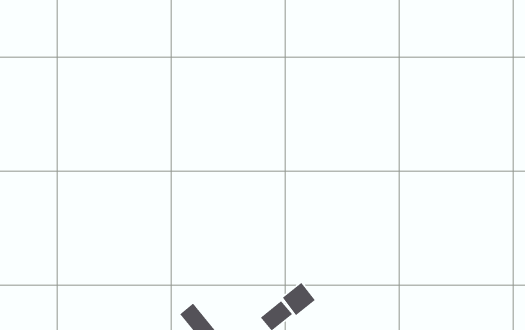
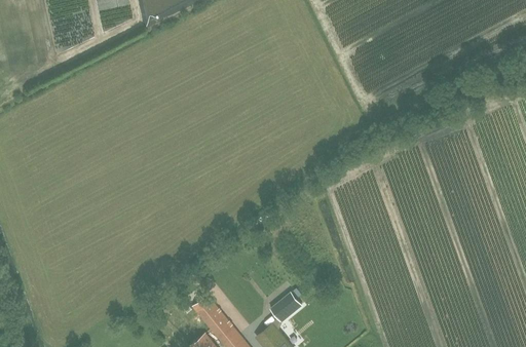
building: [282,282,316,316] -> none

